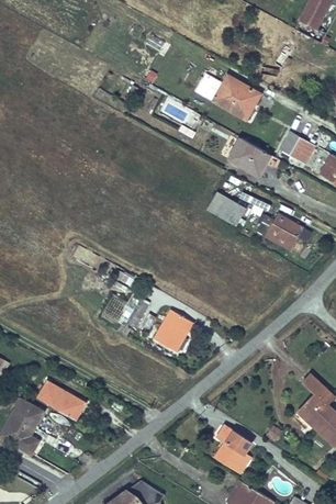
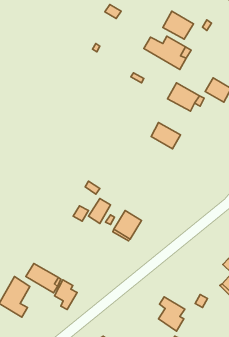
building: none -> [163,11,193,39]
building: [256,213,301,250] -> none
building: none -> [55,280,77,309]

